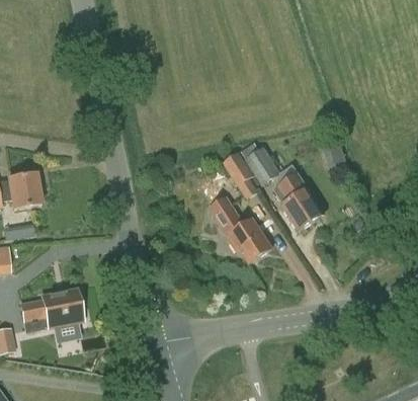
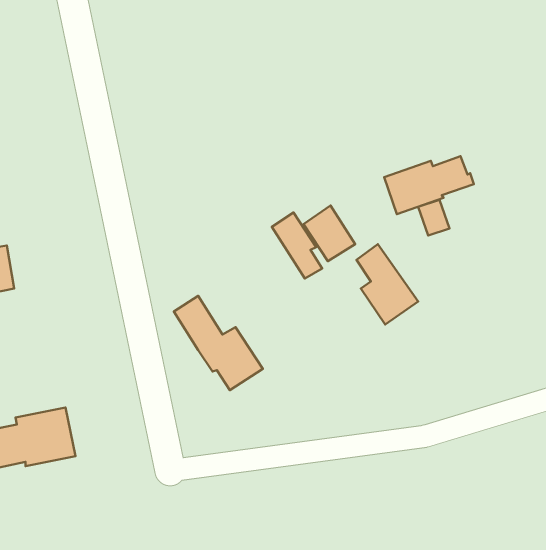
building: none -> [384,156,474,214]
building: [210,196,272,263] -> [174,296,263,390]

